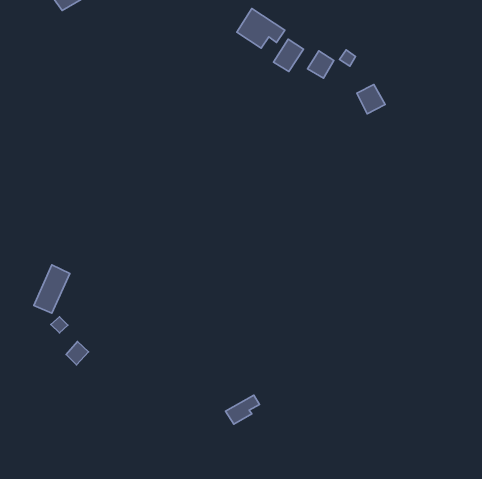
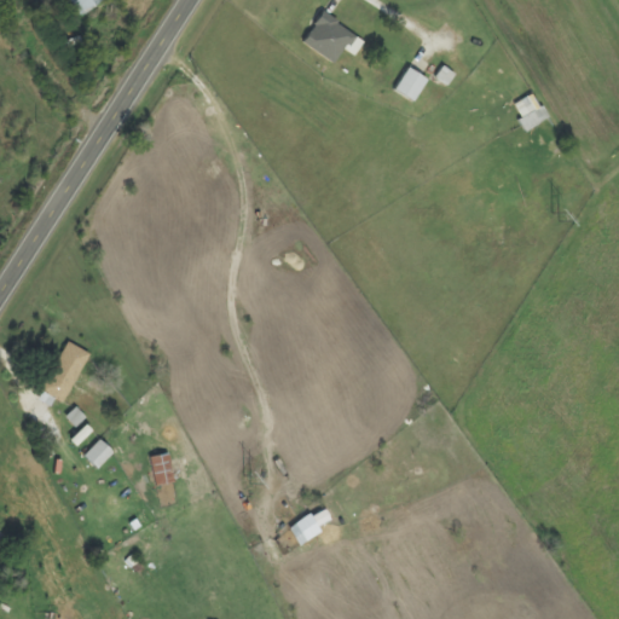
building: [274,39,304,71] -> none
building: [357,85,385,114] -> [513,92,549,129]
building: none -> [151,452,175,485]

